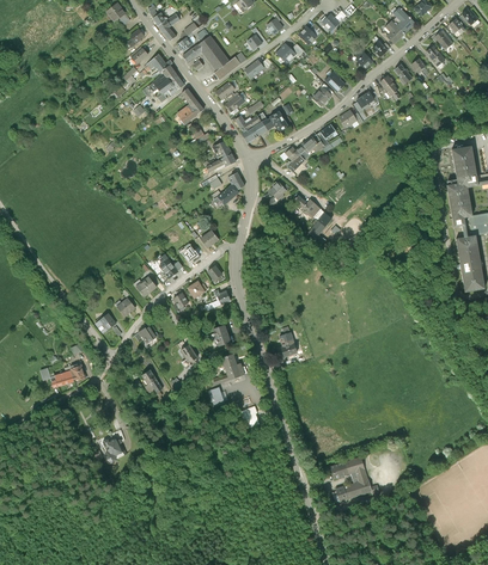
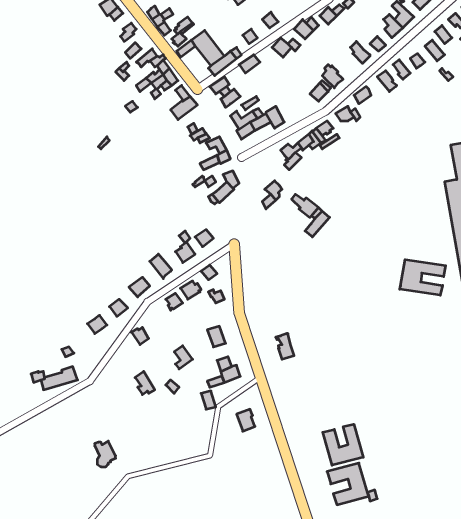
building: none -> [400,260,446,295]
building: none -> [323,424,363,465]

